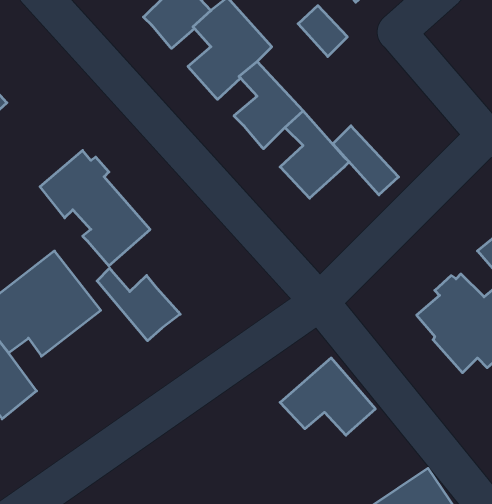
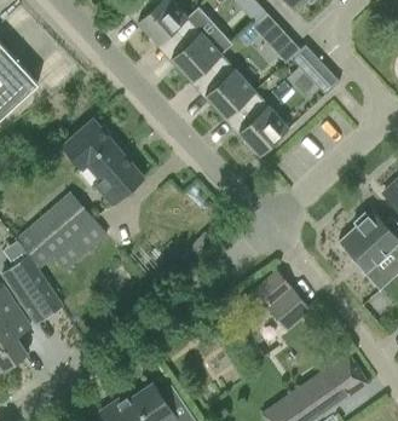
building: [333,126,399,195] -> [292,45,340,96]
building: [97,268,180,341] -> none

